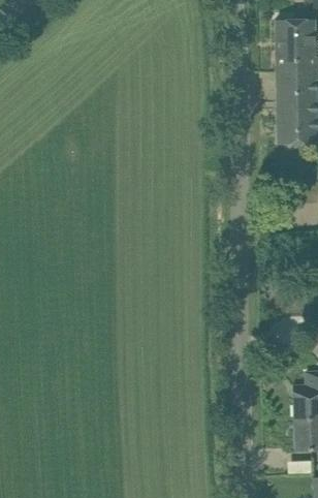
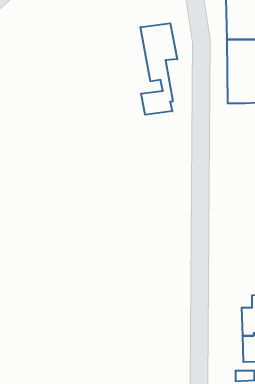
building: none -> [140,23,177,115]

